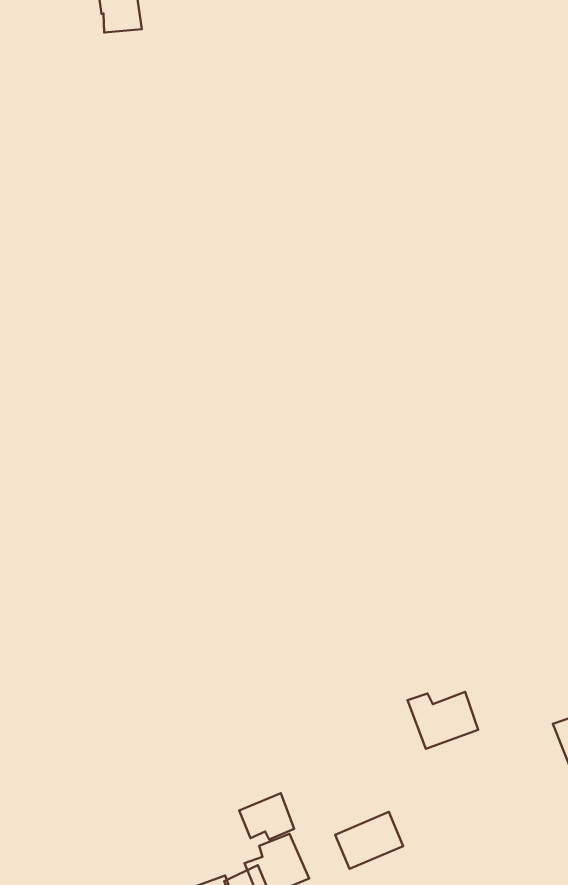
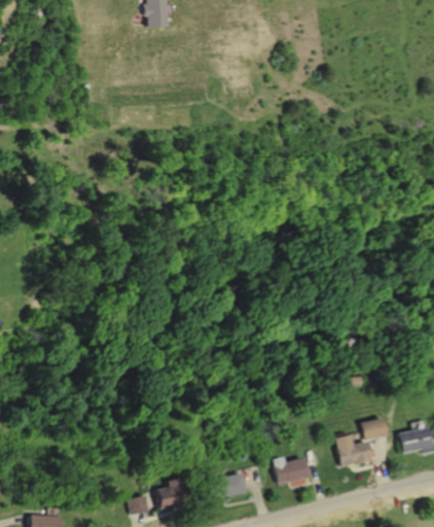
building: [407,692,478,749] -> [274,457,310,487]
building: [239,793,294,840] -> none

